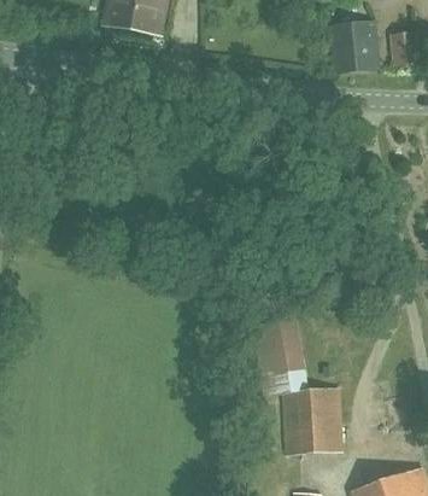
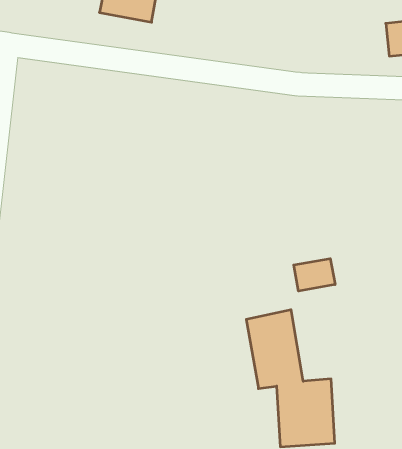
building: [329,19,379,71] -> none
building: none -> [294,259,335,291]

